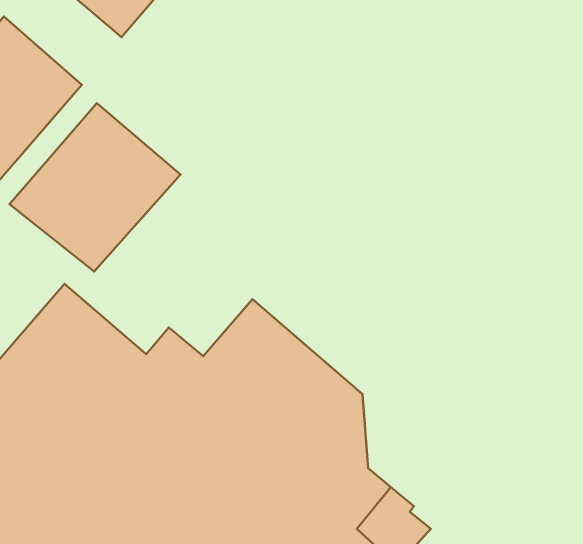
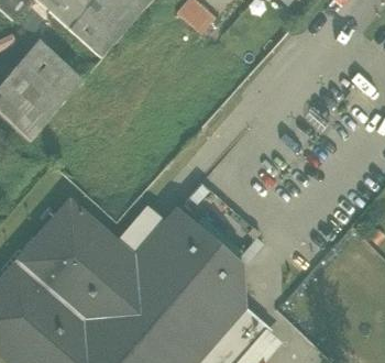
building: [9,103,180,271] -> none

